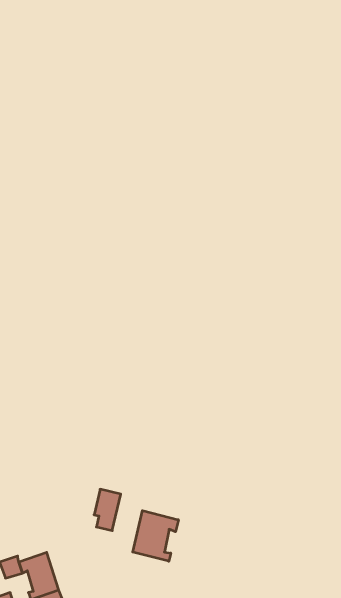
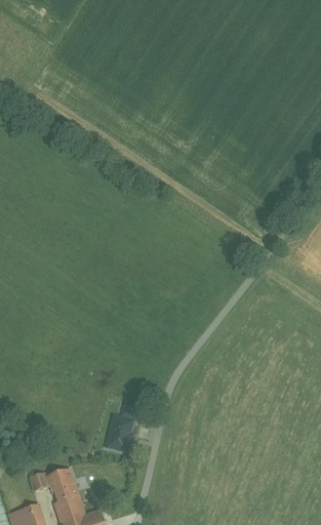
building: [133,511,178,561] -> none

